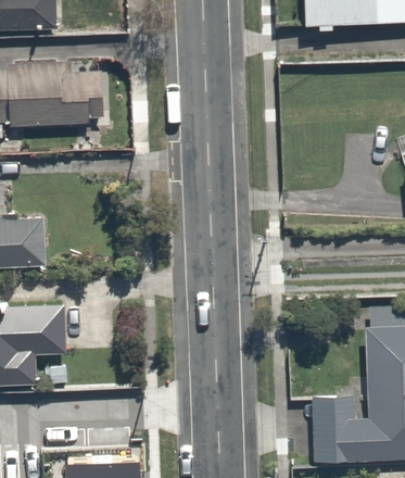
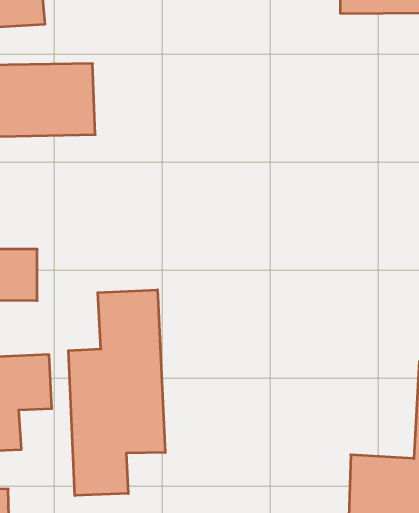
building: none -> [68,290,165,496]

